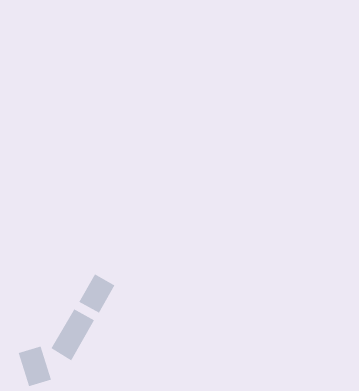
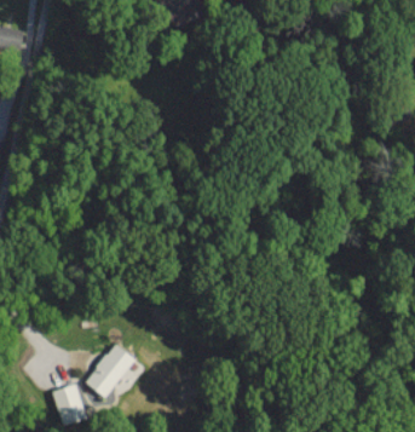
building: [79,274,115,314] -> none

